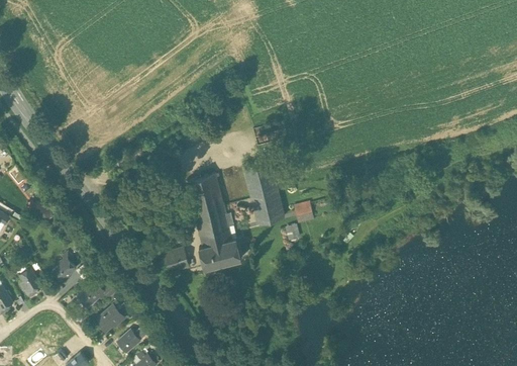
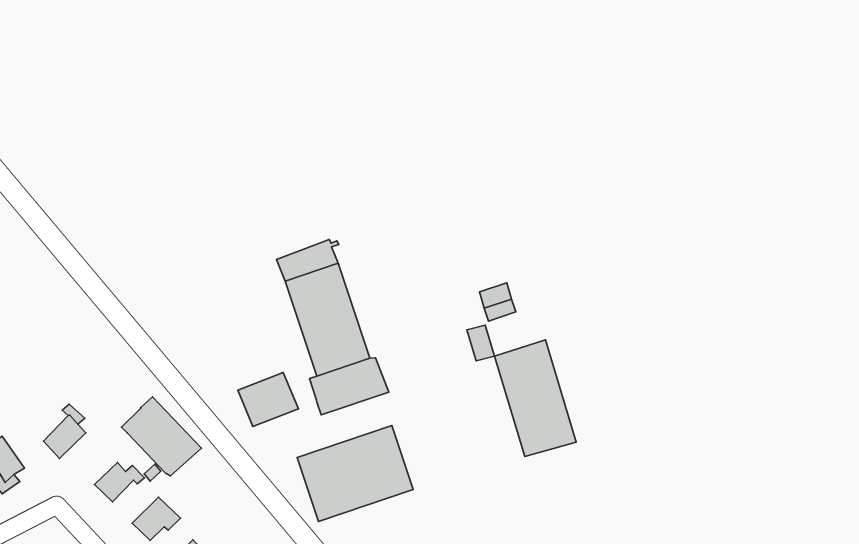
building: [242,160,284,222] -> [494,340,576,457]
building: none -> [122,397,202,476]
building: none -> [297,425,413,522]

